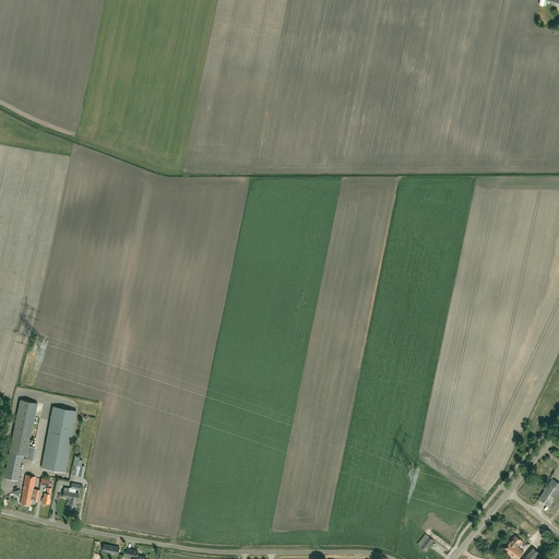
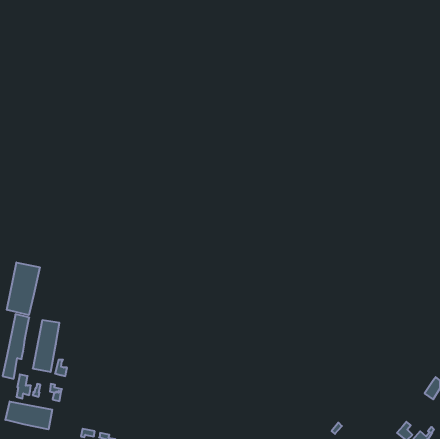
building: none -> [7,262,40,315]
building: none -> [5,401,52,429]

